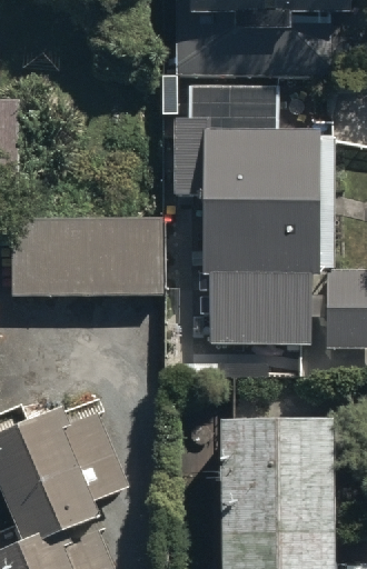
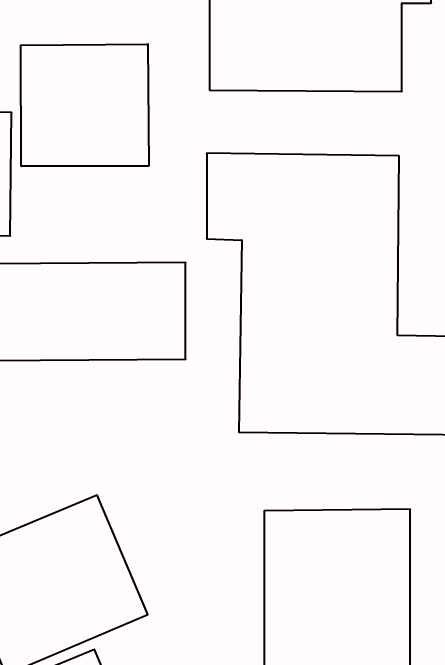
building: none -> [21,44,149,166]

